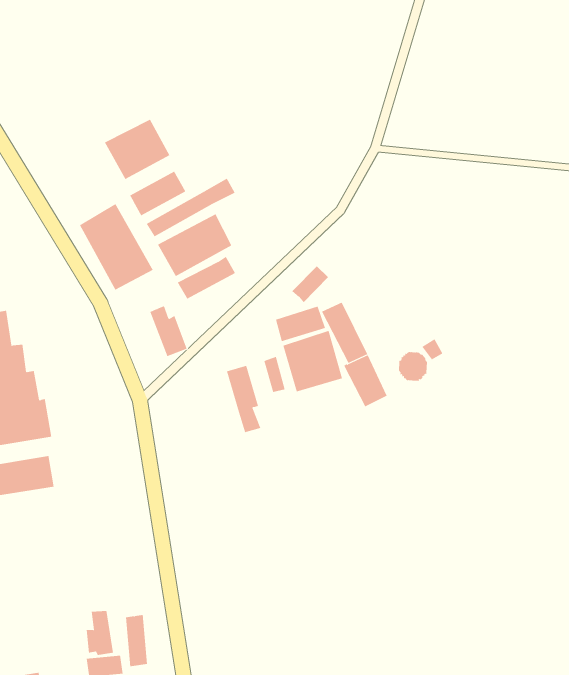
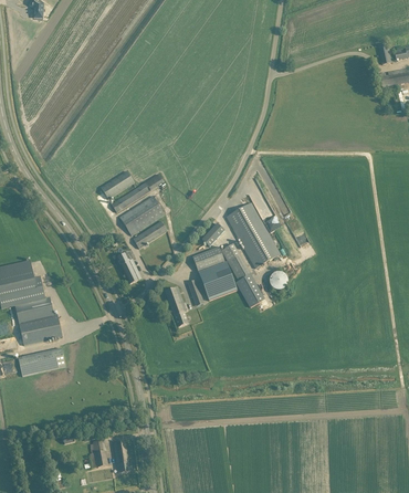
building: [104,119,170,180] -> none
building: [79,203,153,290] -> none
building: none -> [226,202,279,268]

